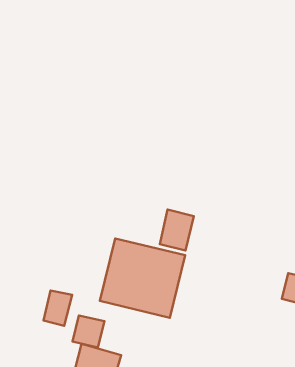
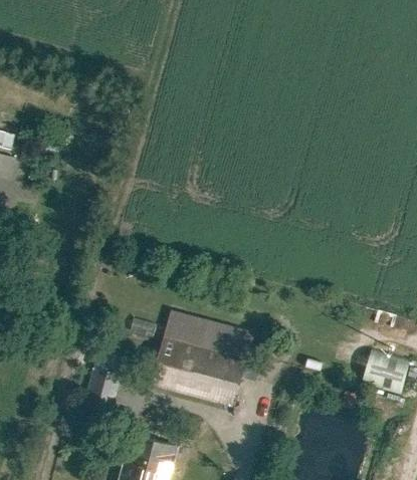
building: [160,210,194,250] -> none
building: [73,316,105,348] -> none

